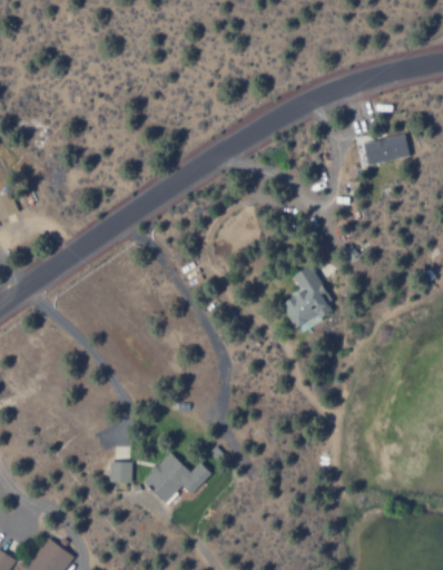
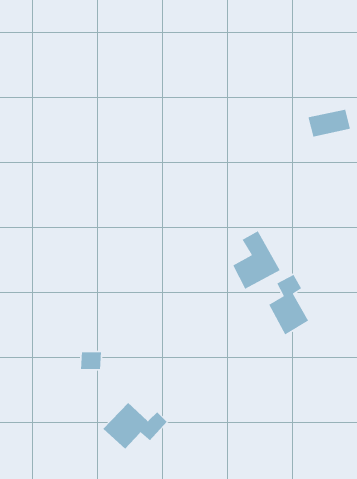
building: none -> [268,274,309,335]
building: [109,462,132,482] -> [80,351,102,370]

